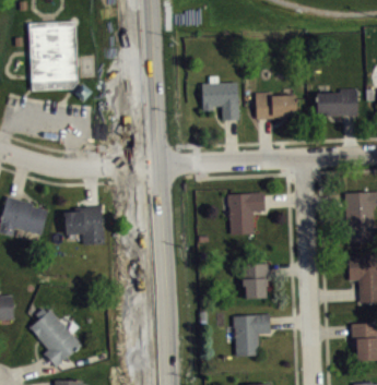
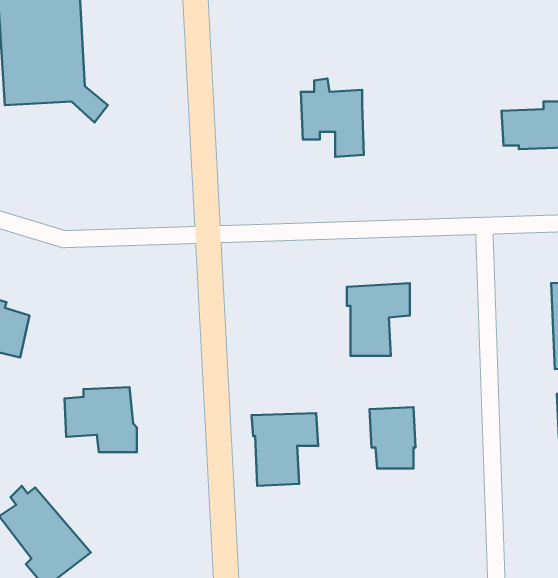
building: [256,93,298,120] -> none
building: [63,207,105,244] -> [64,387,137,452]
building: [233,315,271,357] -> [251,413,318,486]

